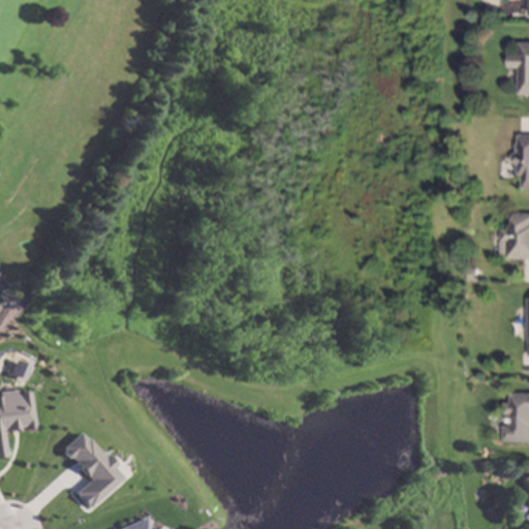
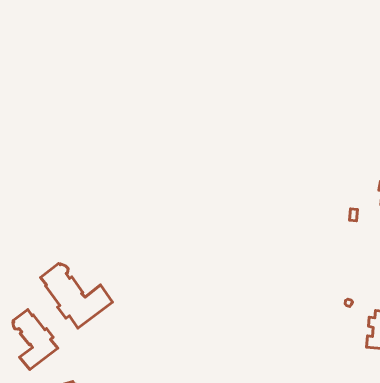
building: none -> [41,263,112,328]

